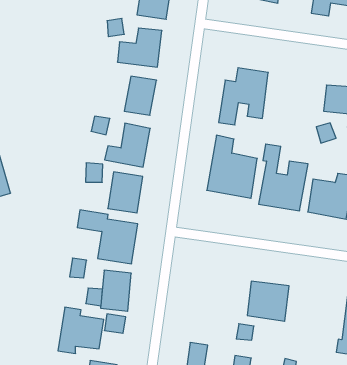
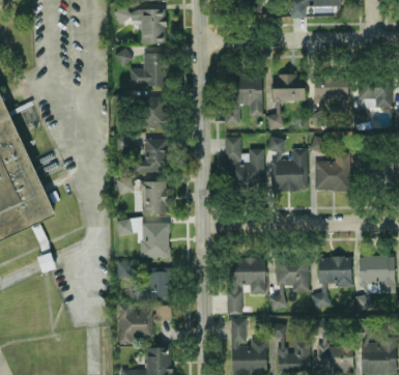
building: none -> [266,75,305,128]
building: none -> [228,258,265,314]
building: none -> [313,257,351,307]

